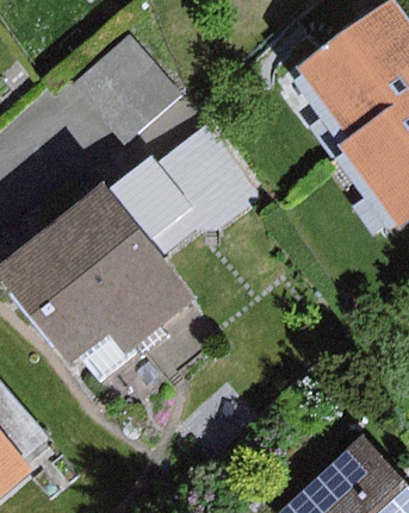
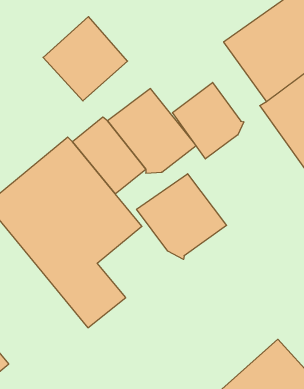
building: none -> [173,82,244,159]
building: none -> [137,174,227,259]

